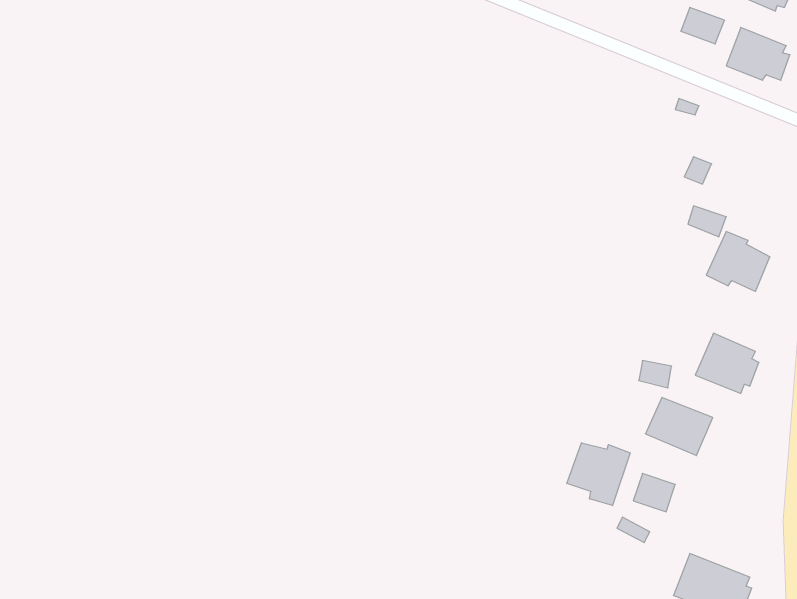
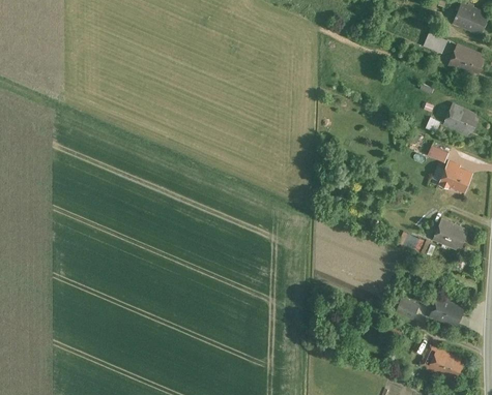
building: none -> [441,101,477,135]
building: [645,397,713,456] -> [428,295,466,328]
building: [567,443,630,506] -> none

